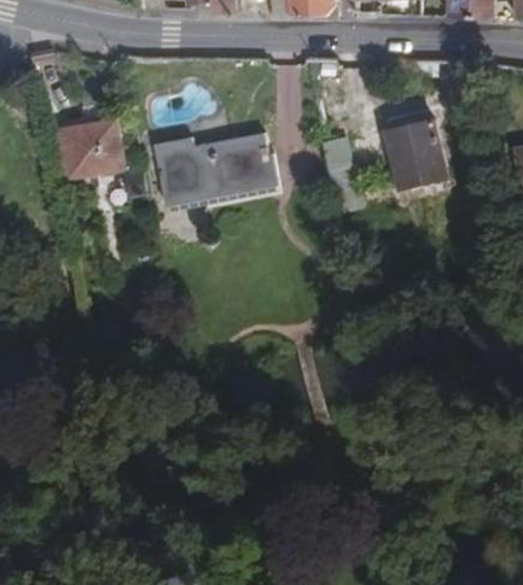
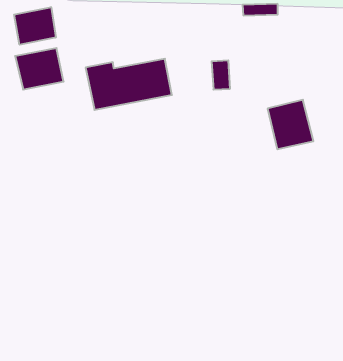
building: none -> [14,7,56,45]
building: [385,118,448,186] -> [268,100,313,149]

